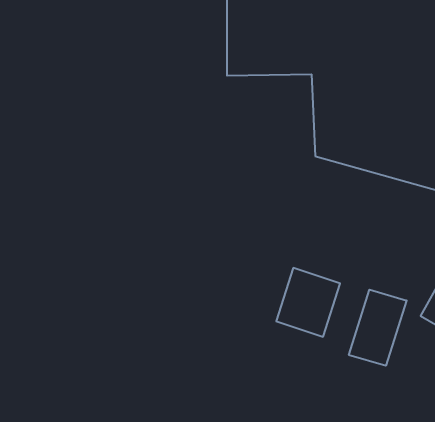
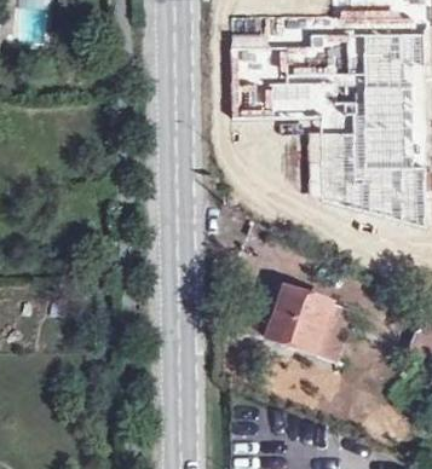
building: [349,290,407,366] -> none

